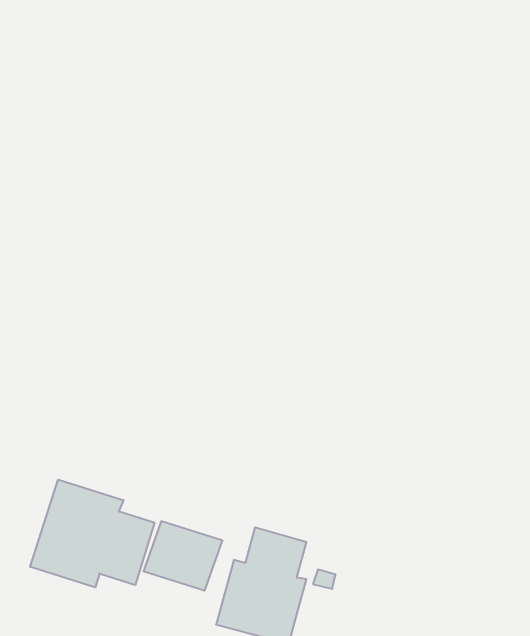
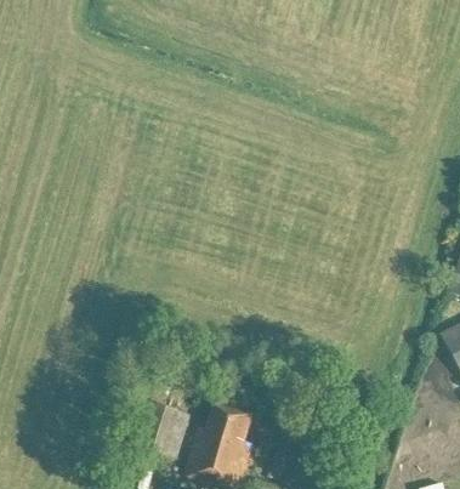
building: [30,480,155,587] -> none

